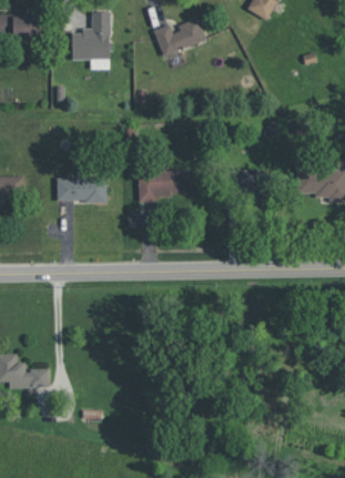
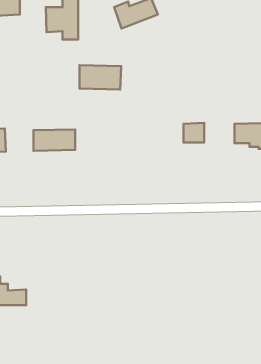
building: [138,169,187,197] -> [80,65,121,89]

